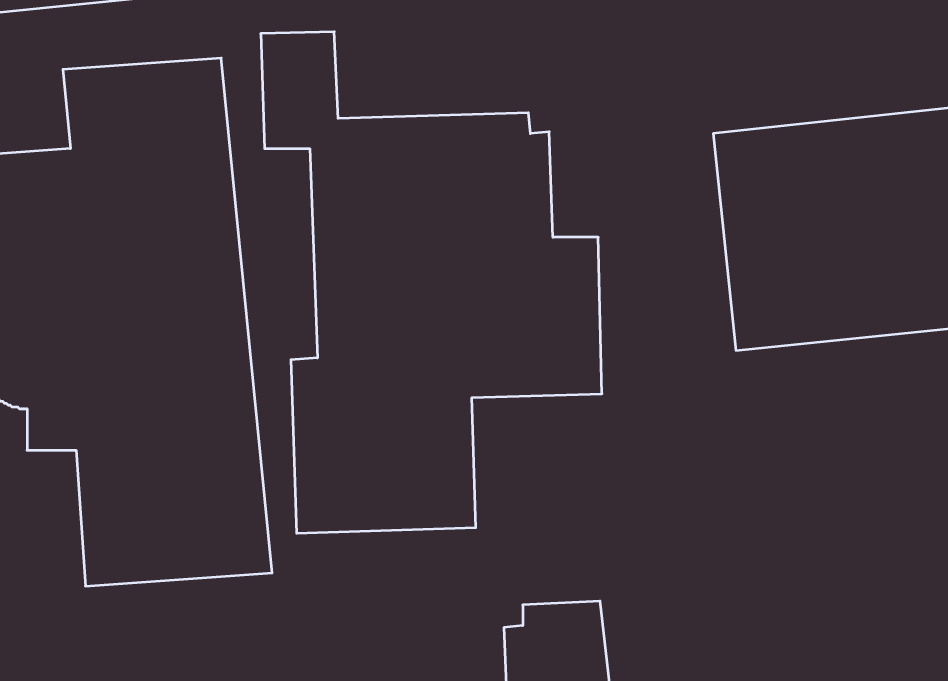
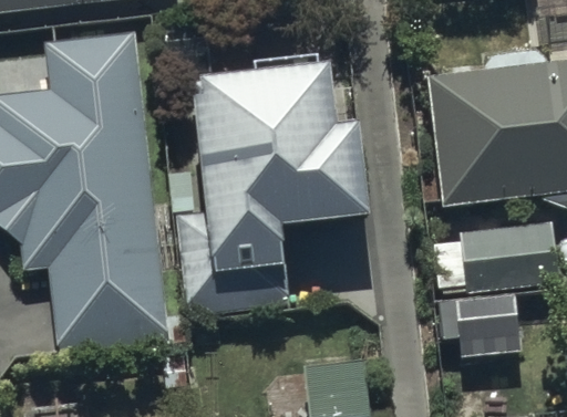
building: none -> [435,218,559,290]

